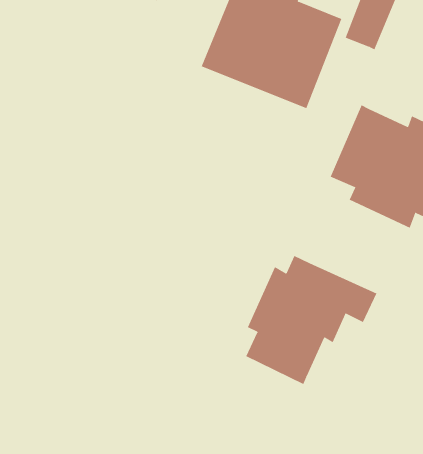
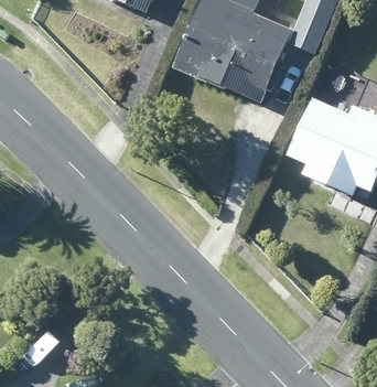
building: [246,255,377,385] -> none

